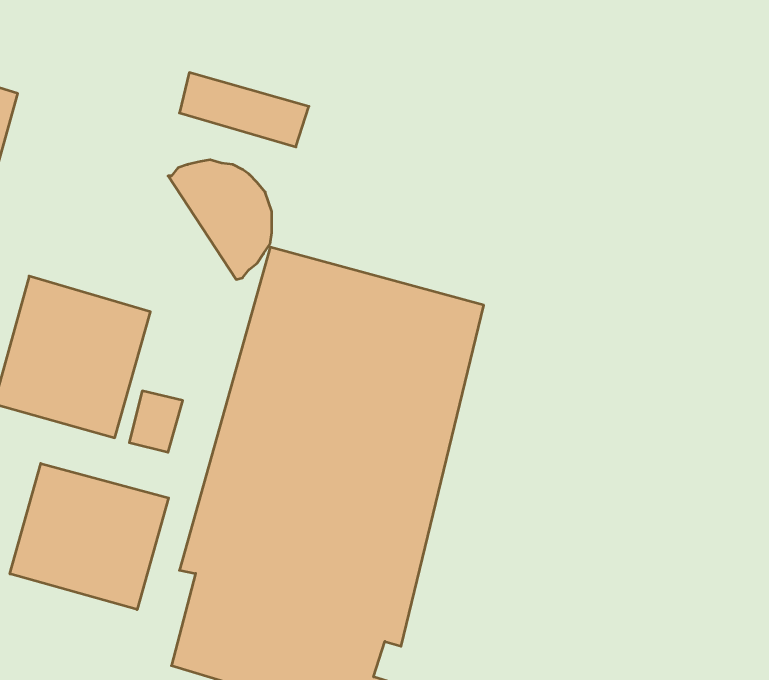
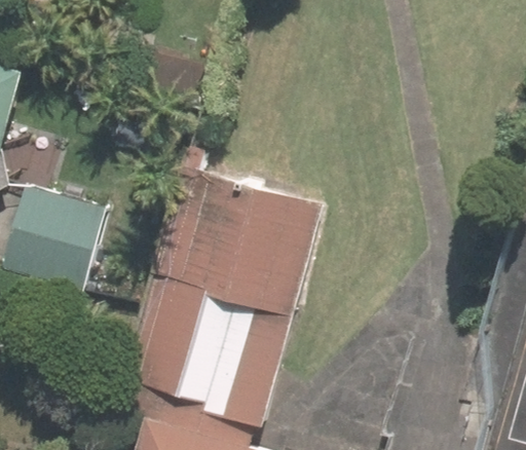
building: [10,463,169,610] -> none

